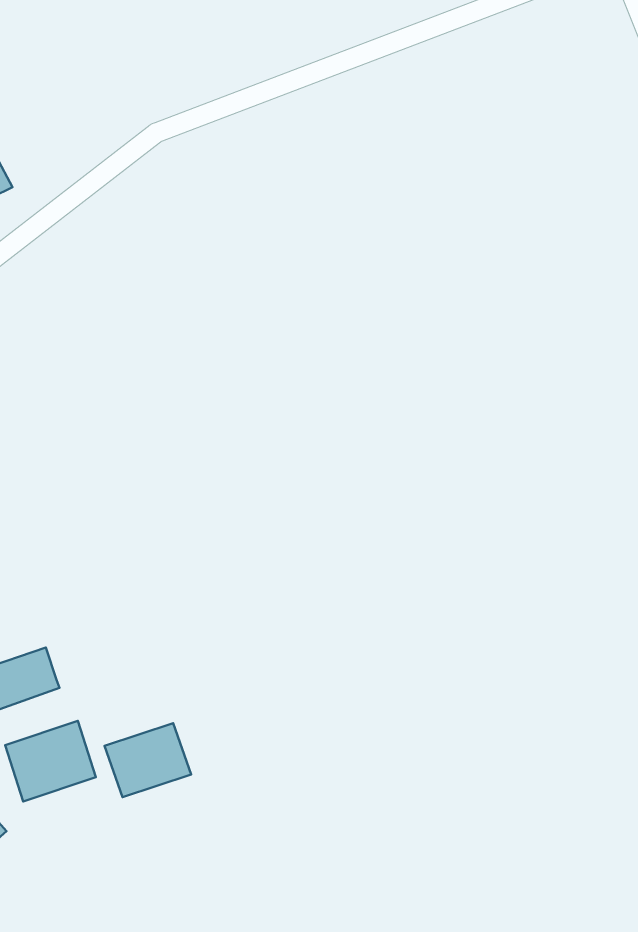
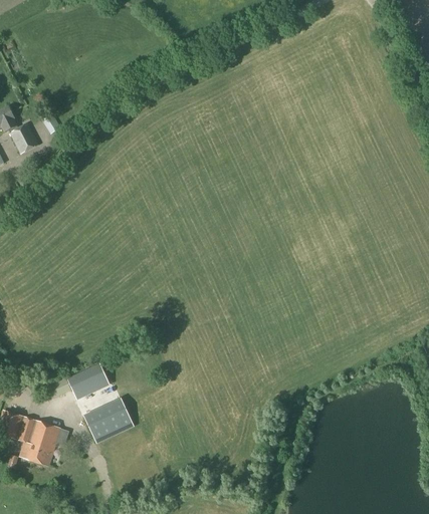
building: [105,723,191,797] -> none

